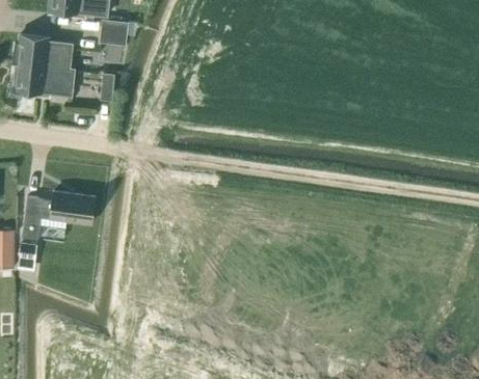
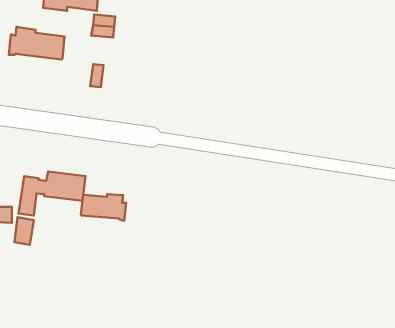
building: [14,63,74,96] -> none
building: none -> [81,194,126,221]

